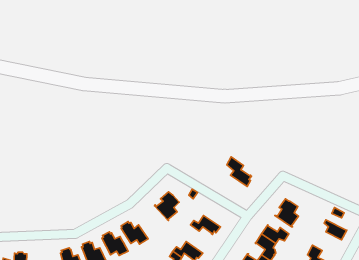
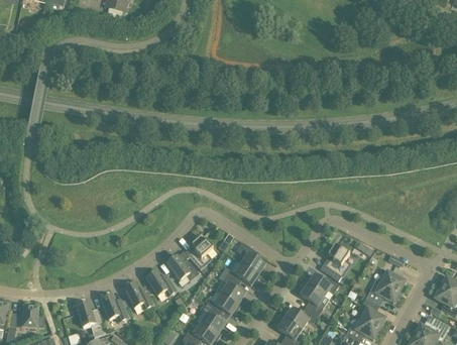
building: [227,157,251,187] -> [236,241,264,275]
building: none -> [165,254,199,279]
building: none -> [220,273,244,306]
building: none -> [365,277,398,303]

